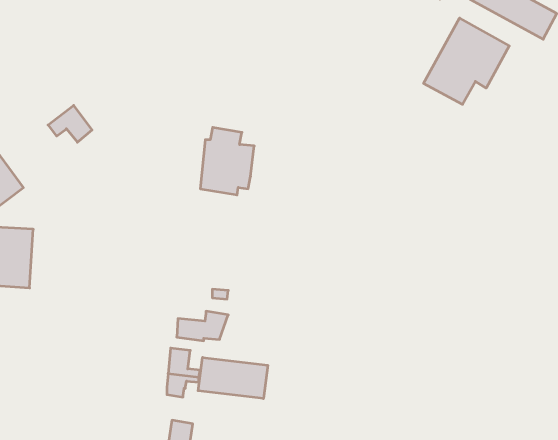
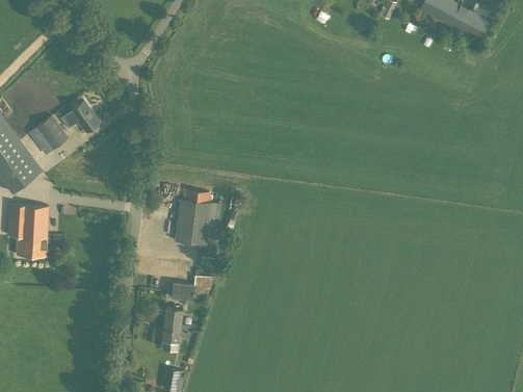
building: [424,18,509,104] -> none
building: none -> [28,116,69,156]
building: [200,127,254,195] -> [175,189,220,246]
building: [198,357,268,399] -> none

